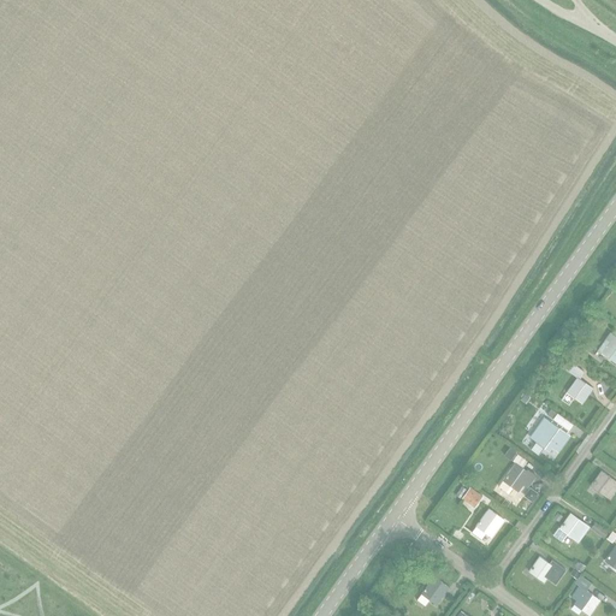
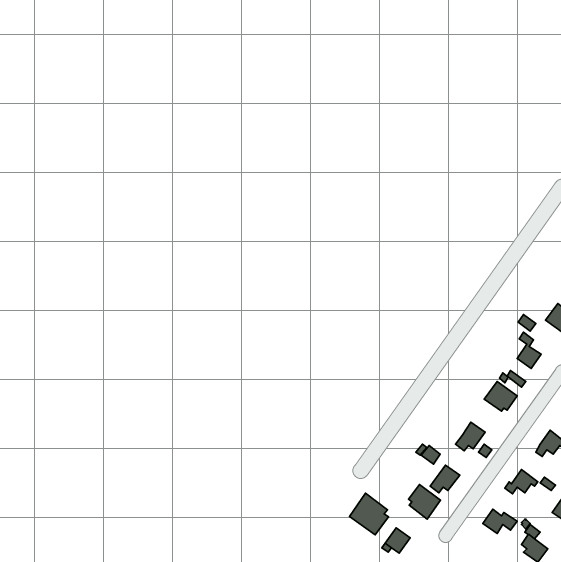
building: none -> [408,485,441,519]
building: none -> [349,493,388,535]

